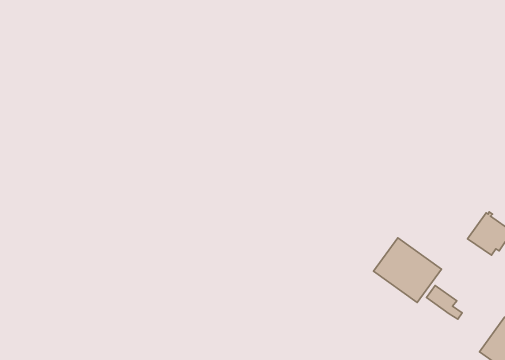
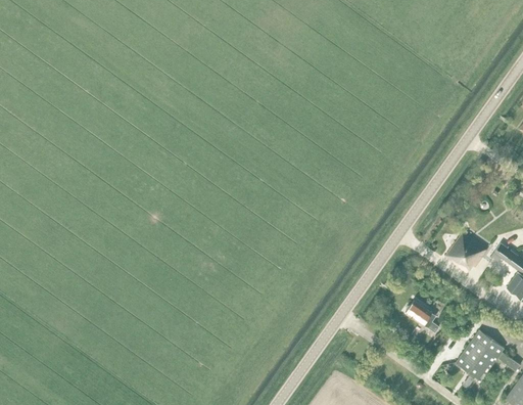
building: [374,238,441,302] -> none

